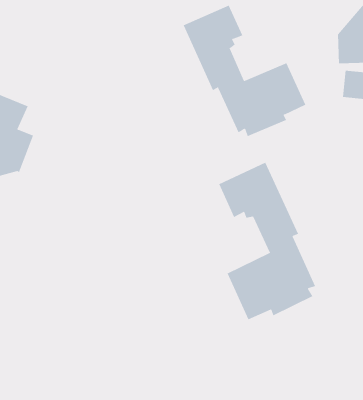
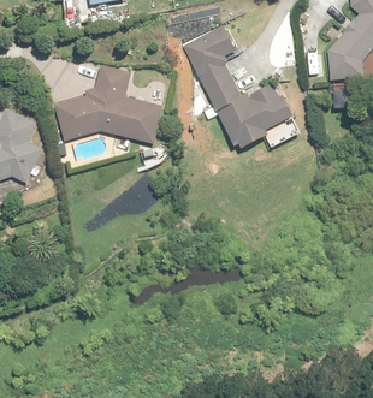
building: none -> [55,65,165,142]
building: [218,162,316,320] -> none

